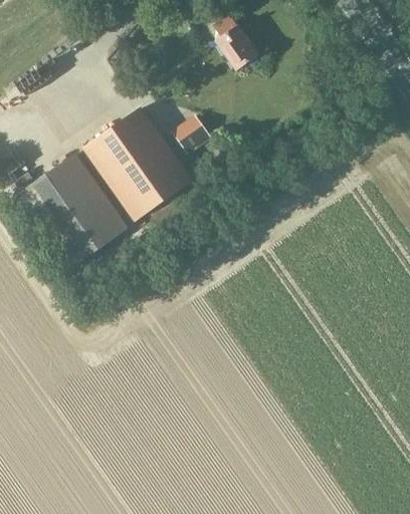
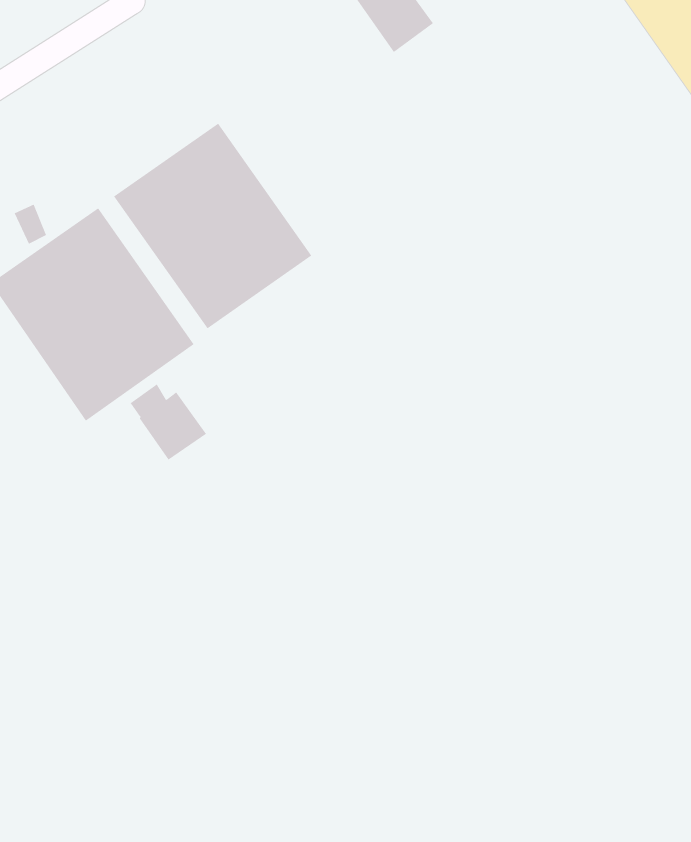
building: [174,116,211,153] -> none
building: none -> [130,383,207,461]

